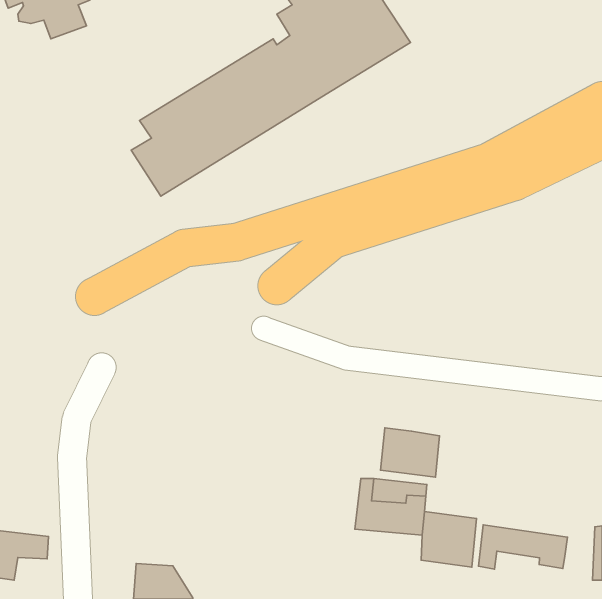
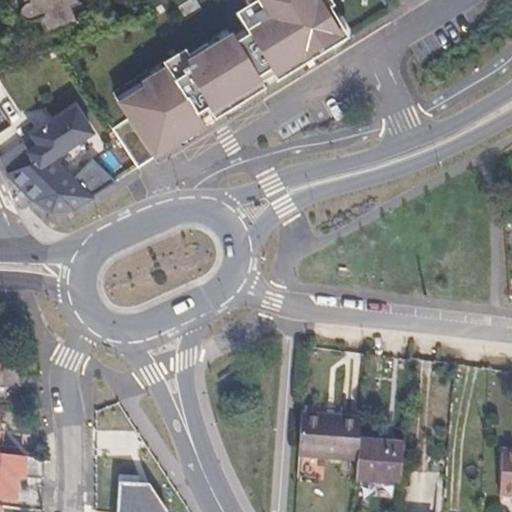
building: none -> [7,105,110,212]
building: [380,428,440,477] -> none
building: [478,525,567,569] -> none

